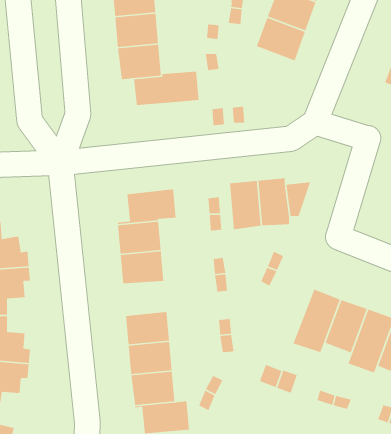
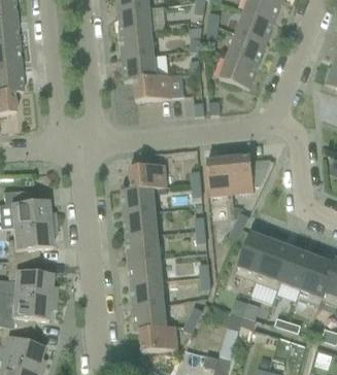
building: none -> [220,56,258,89]
building: none -> [235,232,272,282]
building: none -> [126,235,160,261]

